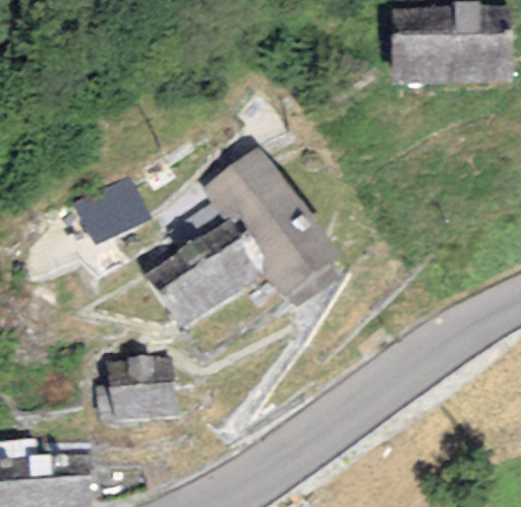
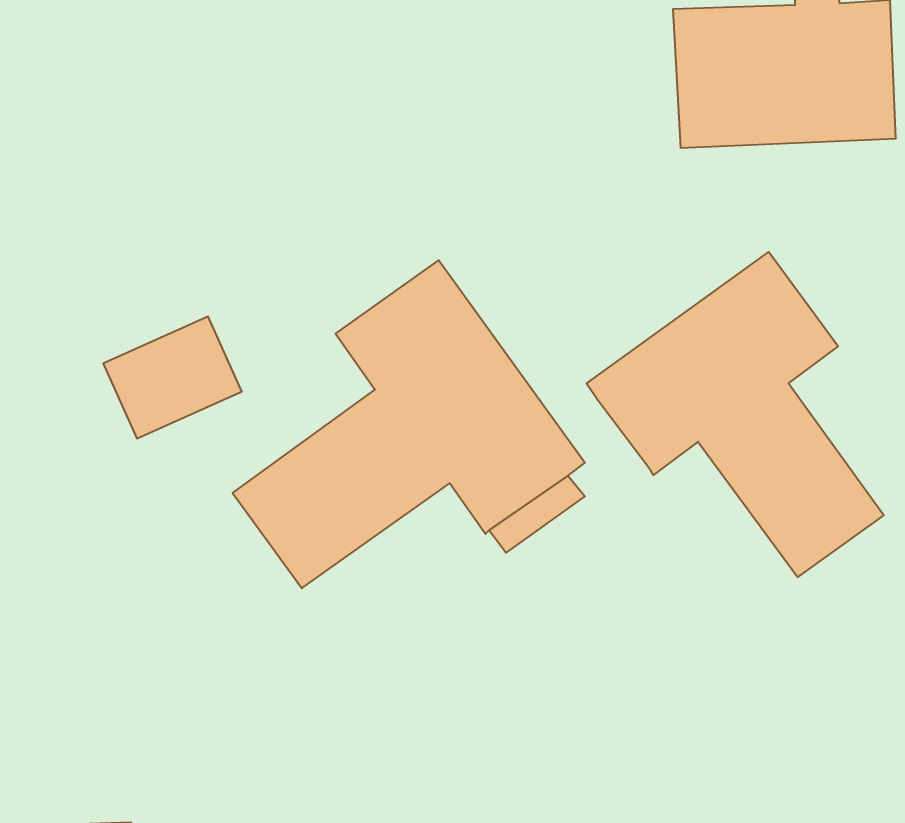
building: none -> [587,252,884,577]
building: [96,354,176,421] -> none

